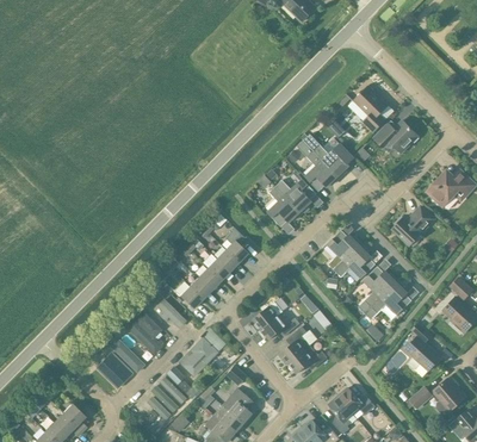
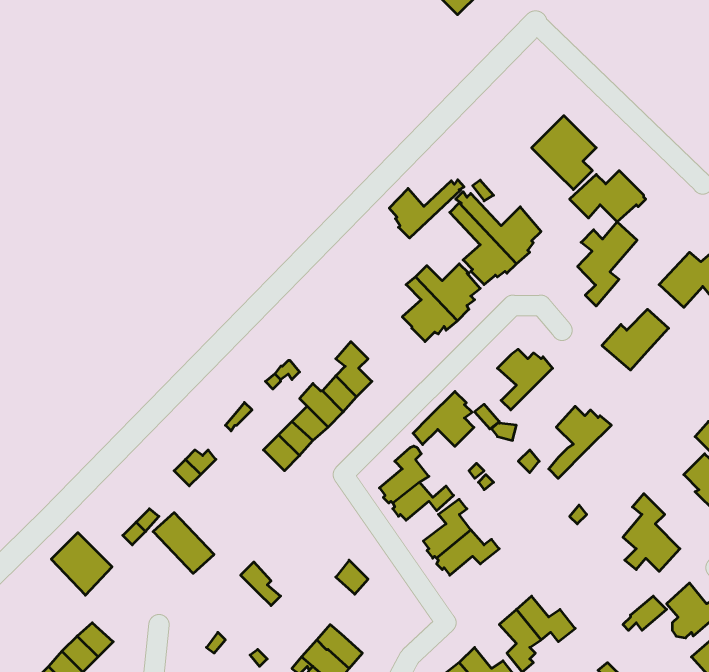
building: none -> [389,180,464,238]
building: none -> [578,222,637,306]
building: [335,243,373,278] -> [413,391,474,446]
building: [365,279,410,319] -> none
building: [153,299,187,334] -> none
building: [128,311,171,354] -> none
building: [179,337,221,379] -> none
building: [95,353,134,392] -> [51,533,112,595]
building: [150,378,188,416] -> none
building: [222,393,258,422] -> none

